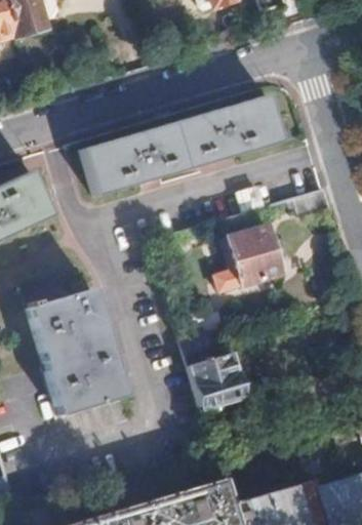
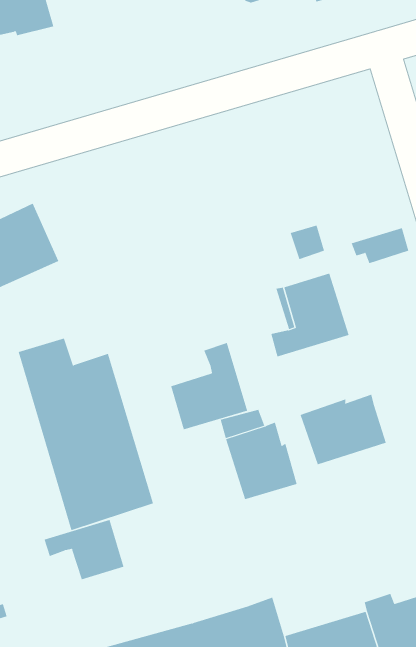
building: [81,93,282,195] -> none
building: none -> [170,342,248,430]
building: none -> [300,394,387,465]
building: none -> [44,519,124,580]

